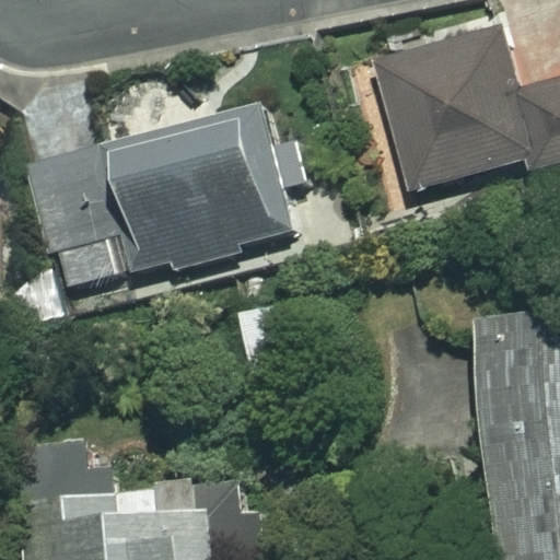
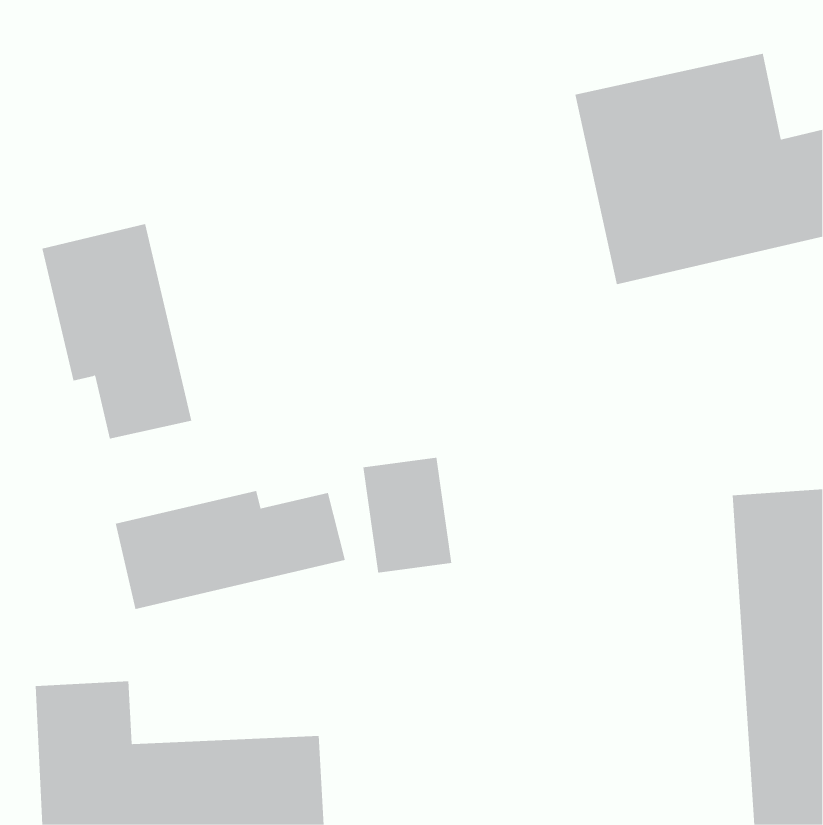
building: [110,105,296,273] -> none
building: none -> [115,490,346,610]

